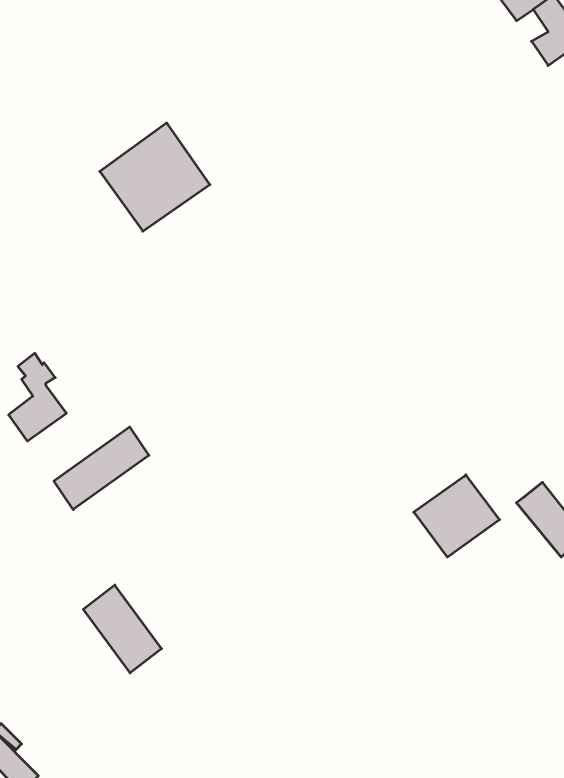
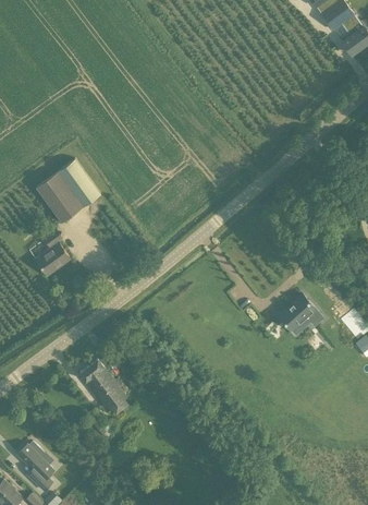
building: [100,123,210,231] -> [36,158,100,221]
building: [54,427,149,510] -> none

